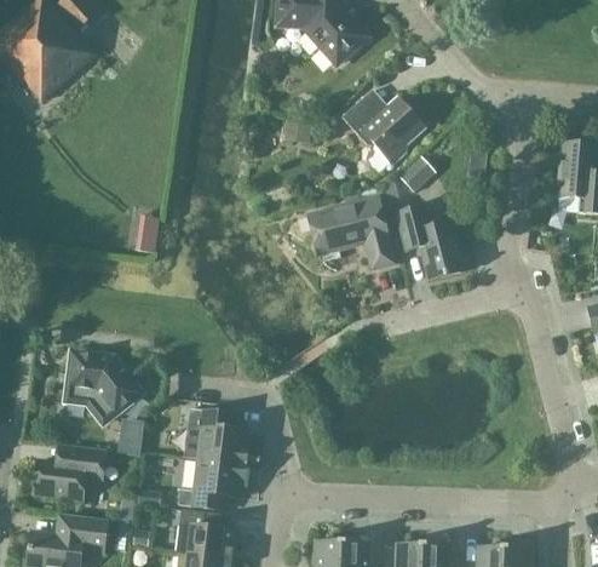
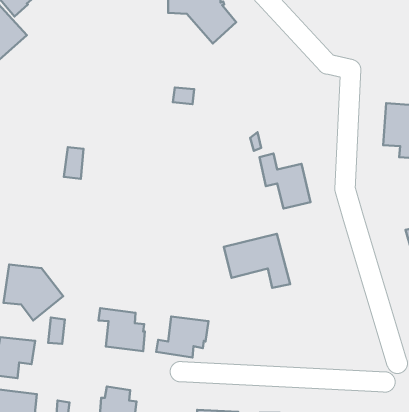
building: [344,92,427,164] -> none
building: [398,155,436,194] -> none
building: [307,199,393,269] -> [224,234,290,288]
building: [177,459,245,512] -> [156,316,208,357]

